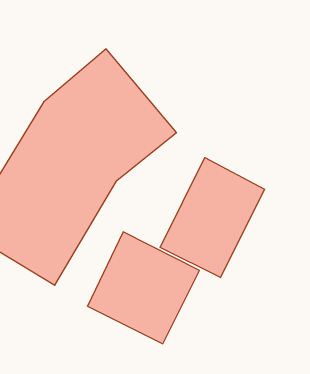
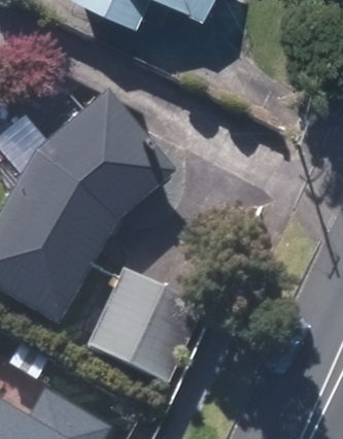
building: [160,158,265,278] -> none

